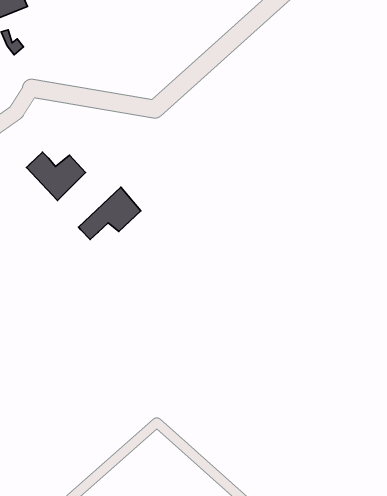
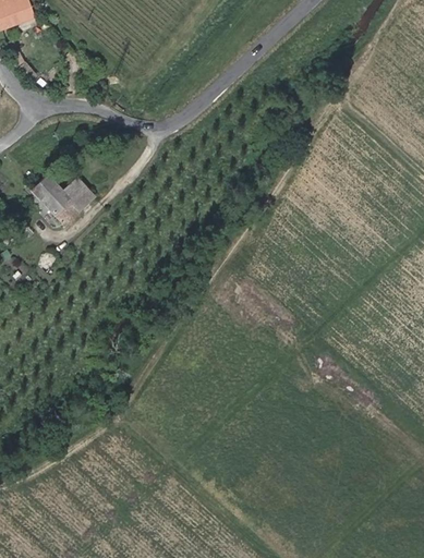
building: [79,187,141,240] -> none

